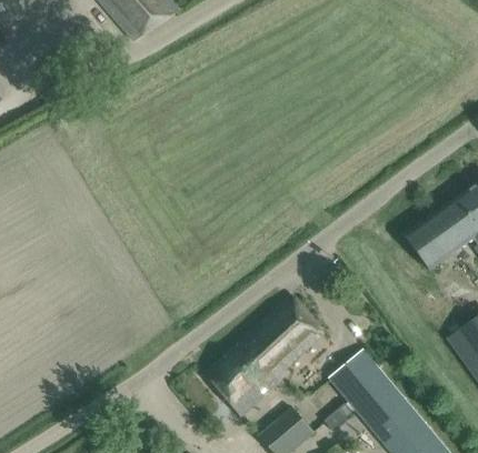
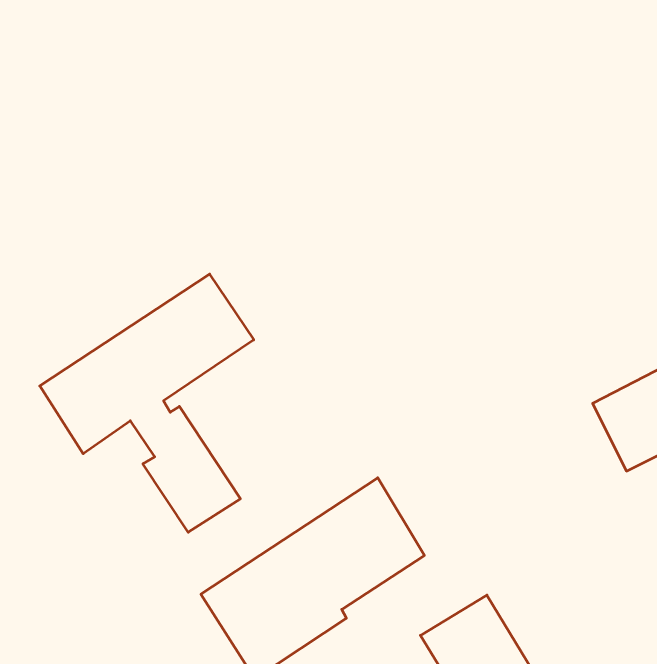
building: none -> [40,274,254,532]

